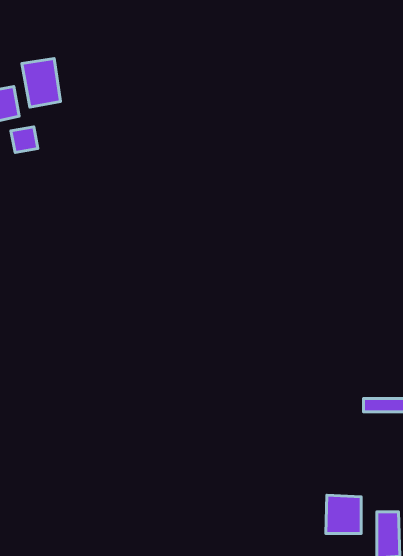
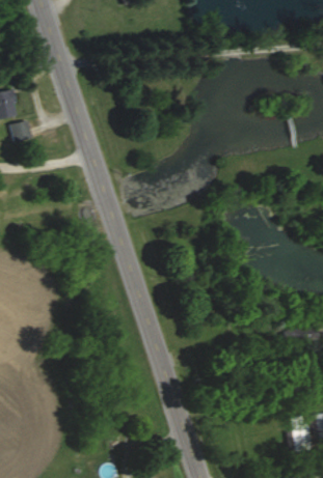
building: [22,58,61,107] -> none
building: [326,495,361,533] -> none

